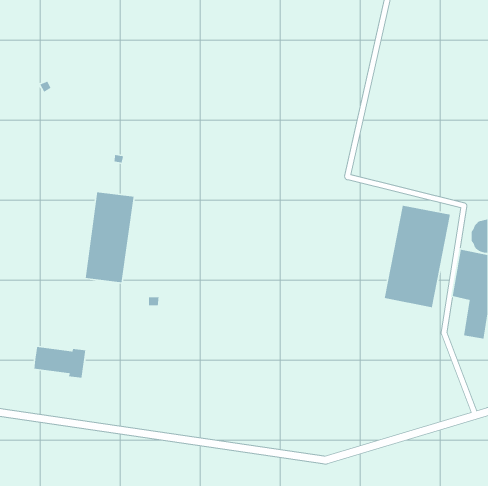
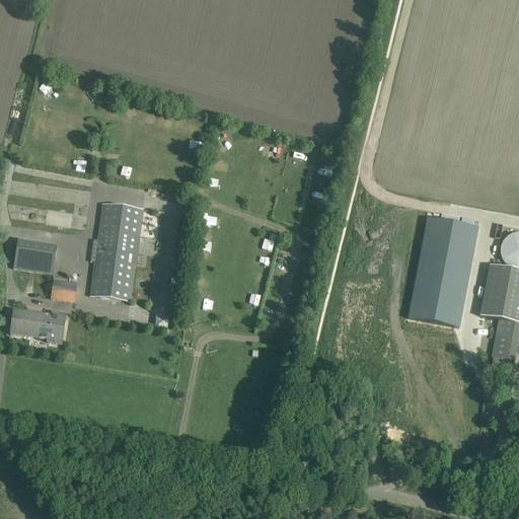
building: none -> [13,238,58,273]
building: none -> [51,278,77,301]
building: [33,346,86,379] -> [10,308,66,343]

